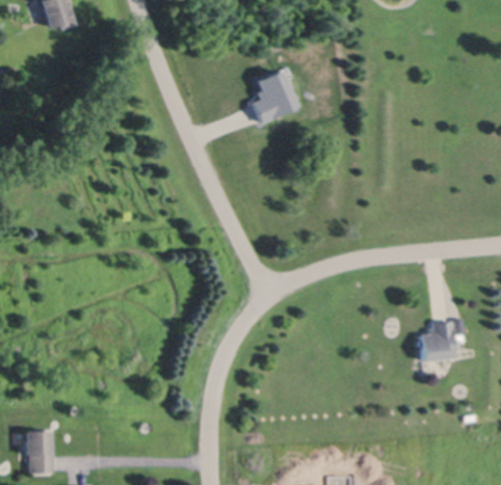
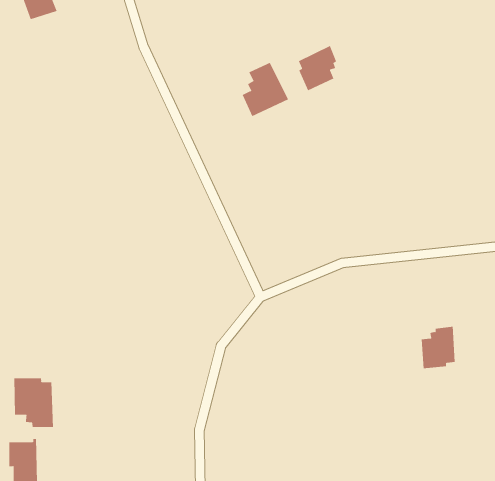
building: none -> [298,45,337,91]
building: none -> [14,377,53,428]

